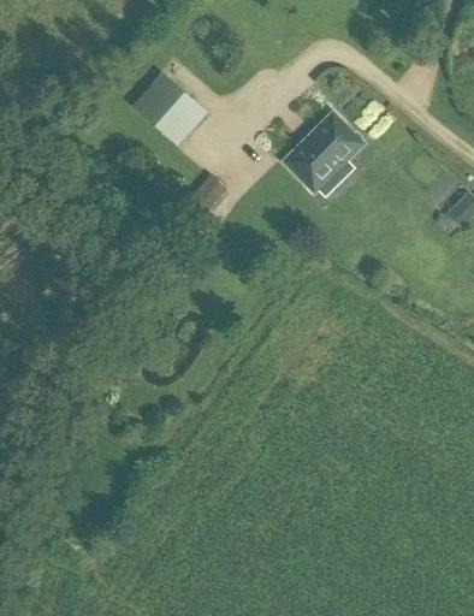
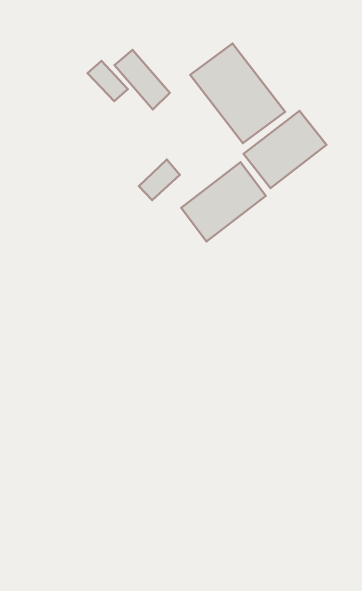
building: none -> [190,43,285,143]
building: none -> [181,162,266,241]

